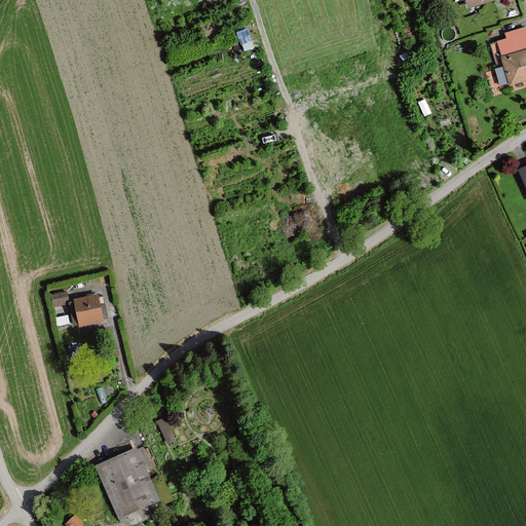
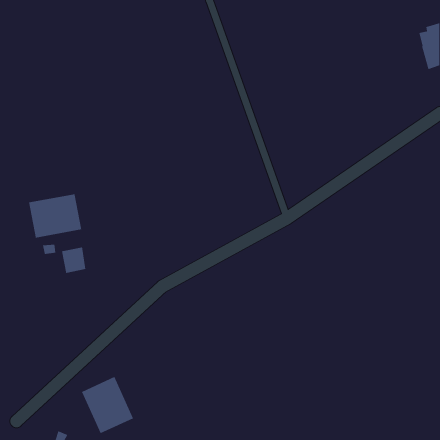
building: none -> [28,193,82,239]

